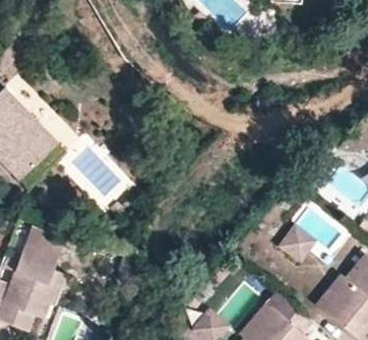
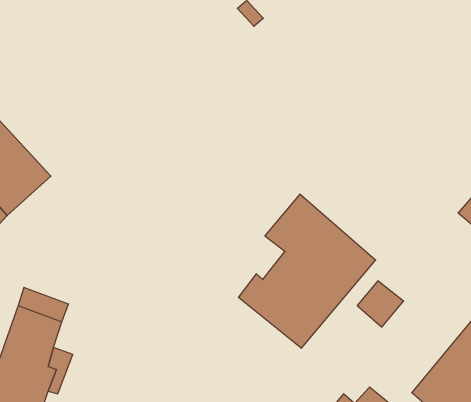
building: none -> [239,194,376,348]

